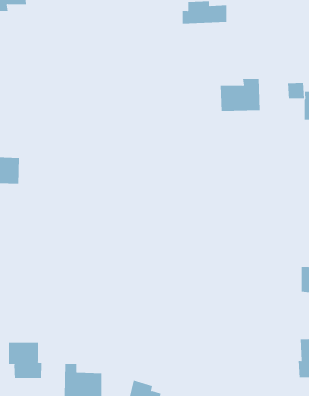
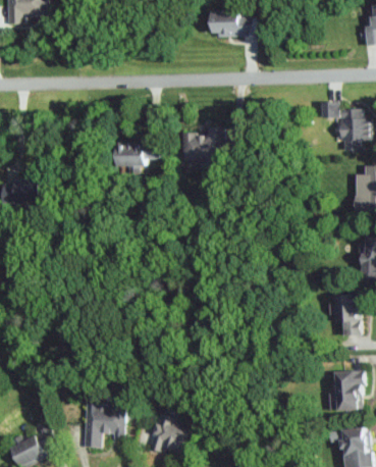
building: [220,78,261,111] -> [182,125,225,160]
building: none -> [116,142,160,165]
building: [8,342,42,379] -> none

